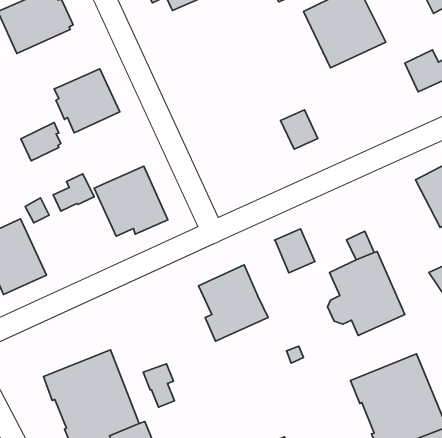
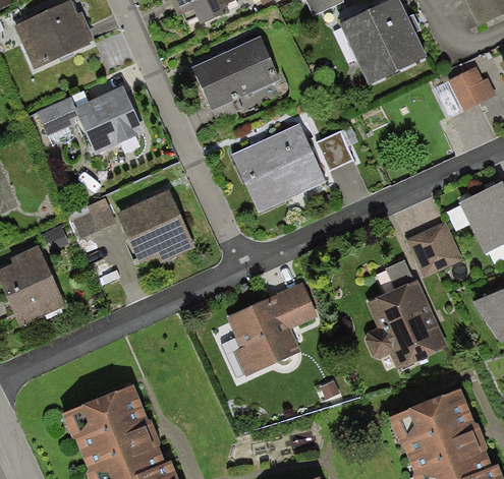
building: none -> [191,36,279,109]
building: none -> [231,122,326,212]
building: [21,123,61,161] -> [36,95,78,135]
building: none -> [405,221,462,277]
building: [275,229,315,273] -> [275,281,318,327]
building: [143,364,175,407] -> none

